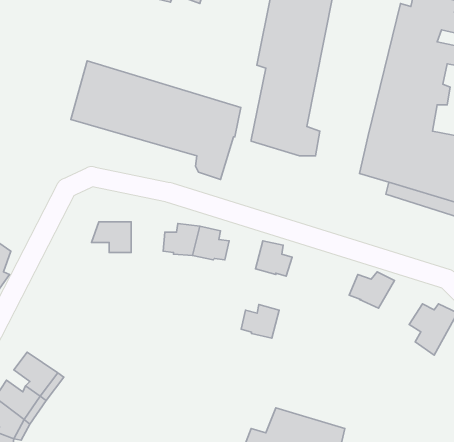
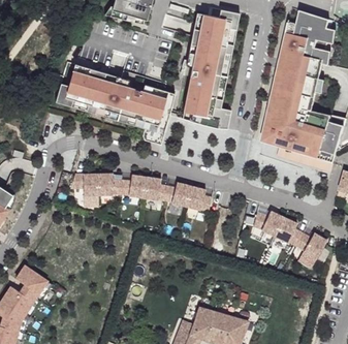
building: none -> [98,175,122,196]
building: none -> [273,216,304,247]
building: [241,304,279,338] -> [164,184,191,208]

